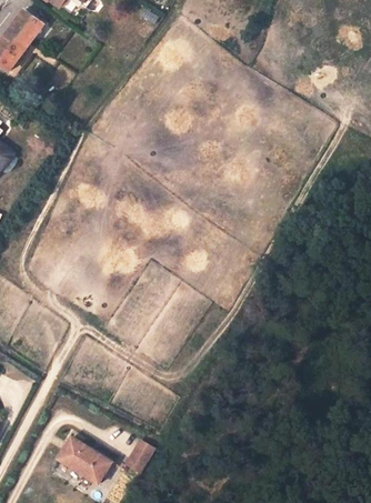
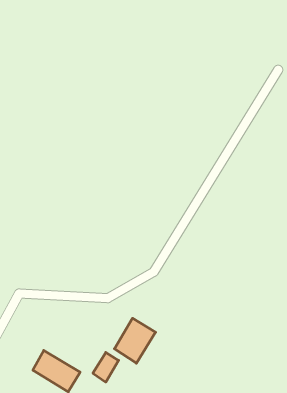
building: none -> [114,318,156,363]

